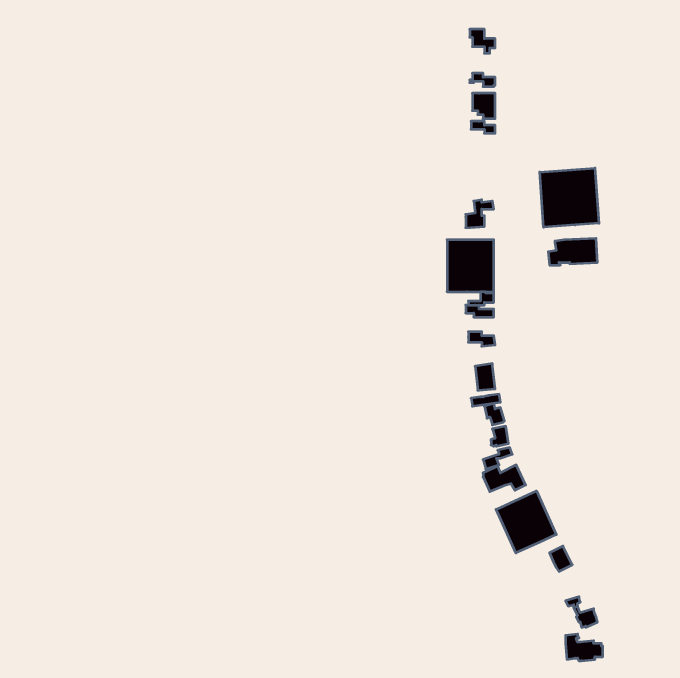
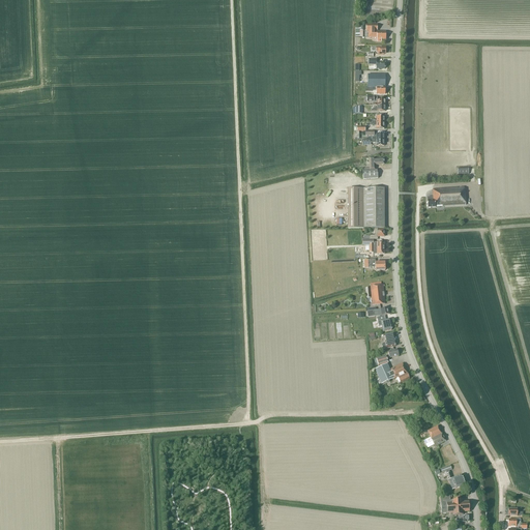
building: [540,168,599,227] -> none
building: [496,491,556,553] -> none

